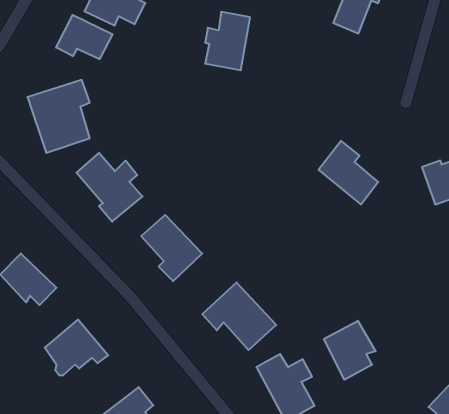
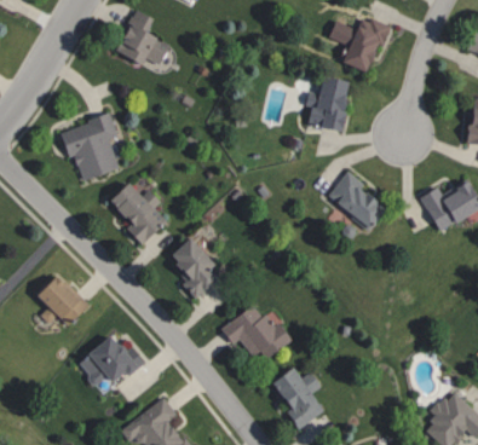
building: [205,12,250,70] -> [307,79,349,132]
building: [56,15,112,59] -> none
building: [324,321,376,380] -> none

